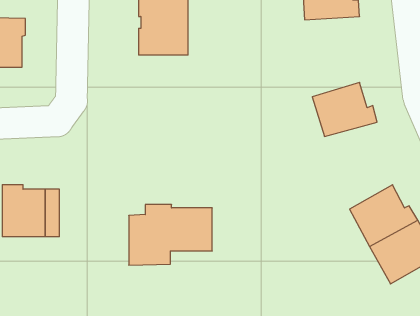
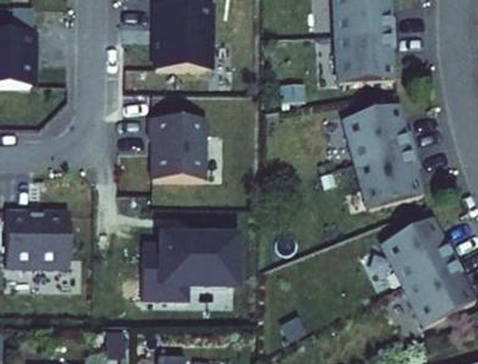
building: none -> [336,25,398,76]
building: none -> [148,116,205,178]
building: none -> [358,141,424,203]

